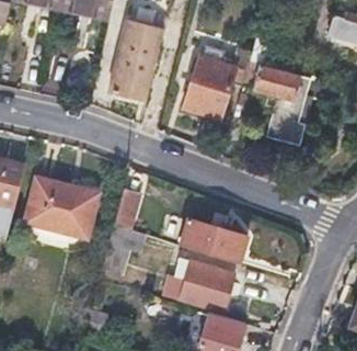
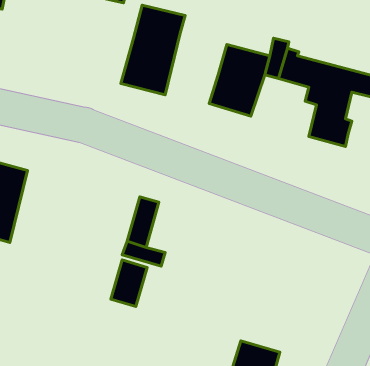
building: [24,178,97,236] -> none
building: [180,219,247,263] -> none
building: [180,261,234,309] -> none

